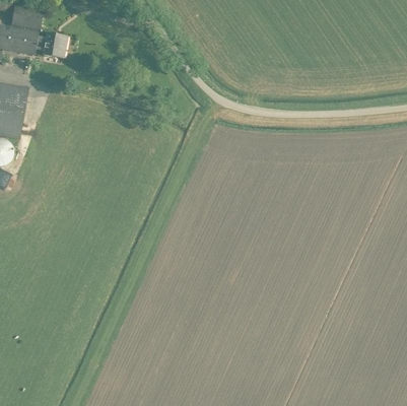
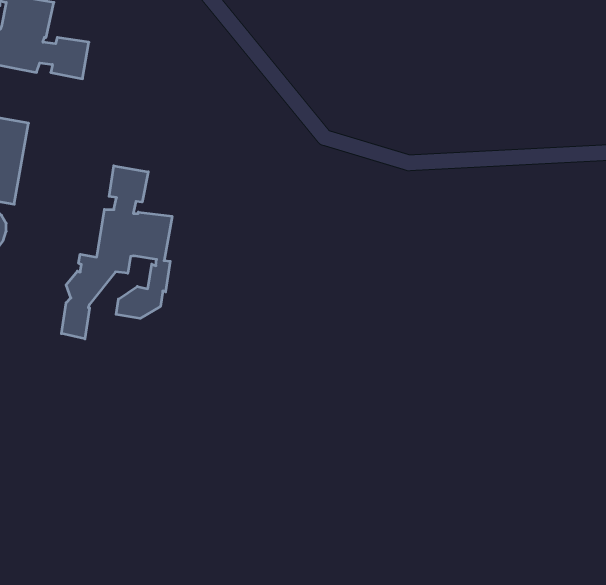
building: none -> [61,166,172,339]

